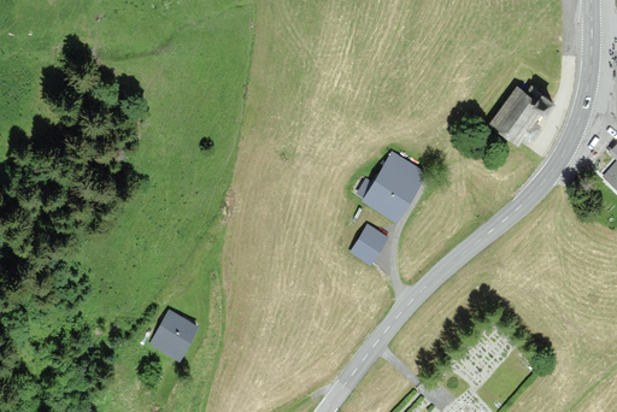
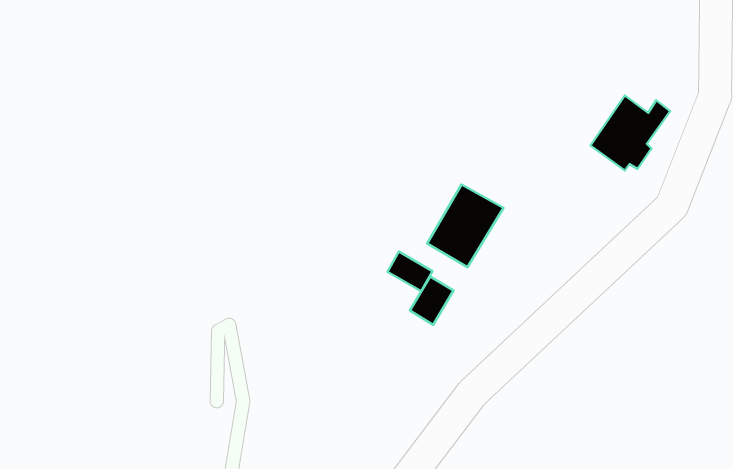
building: none -> [388,252,433,291]
building: [151,312,195,359] -> none

